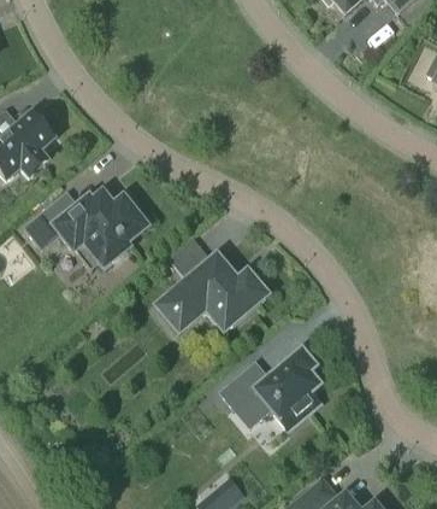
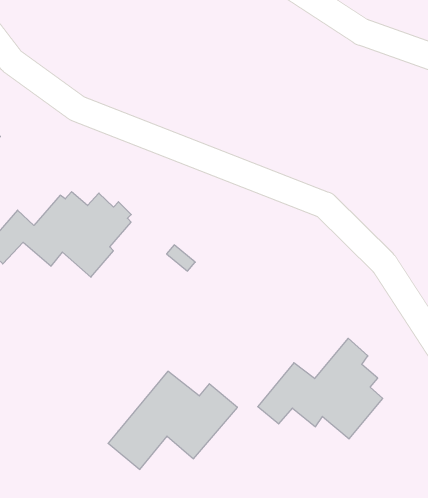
building: [158,255,266,329] -> [108,371,237,469]

